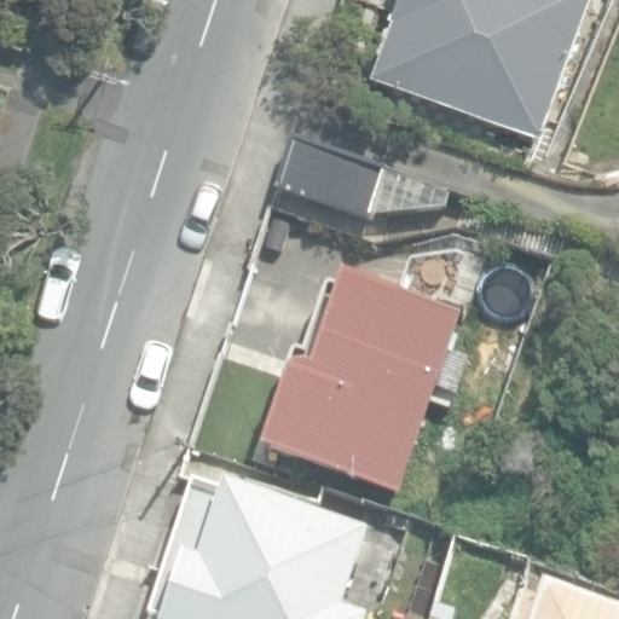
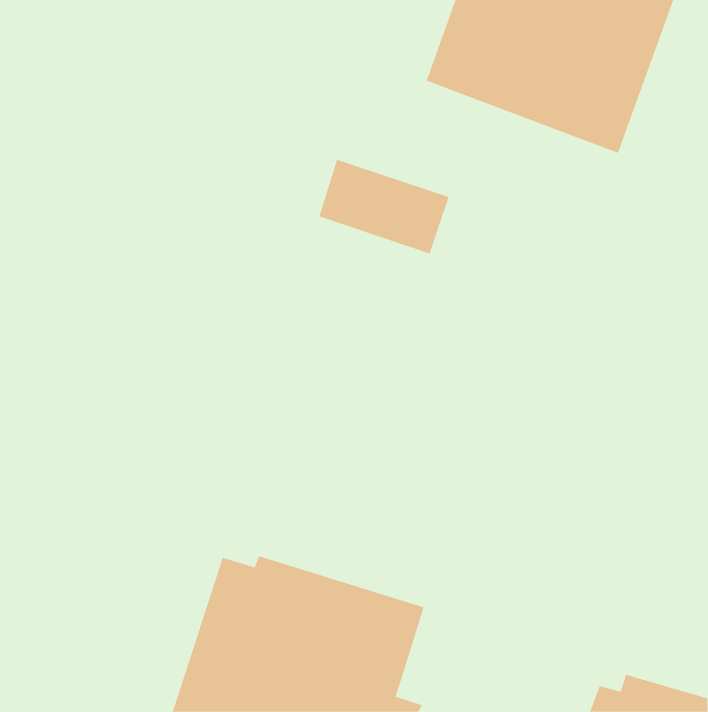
building: [261,276,465,496] -> none

